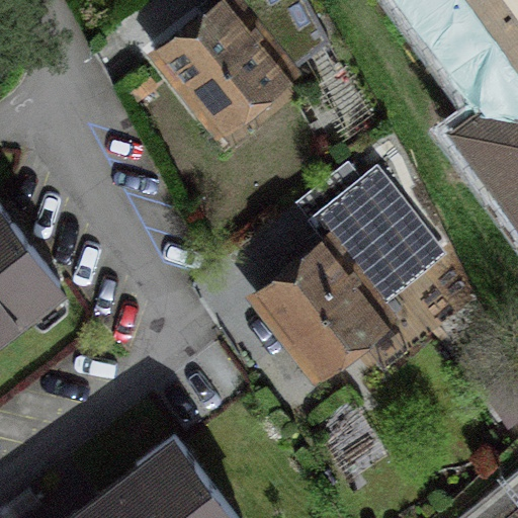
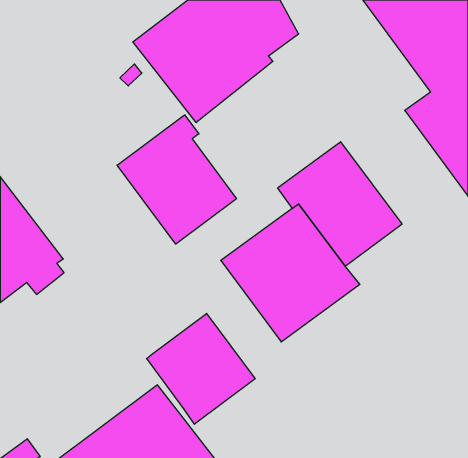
building: none -> [117,115,236,244]
building: none -> [147,313,255,424]

